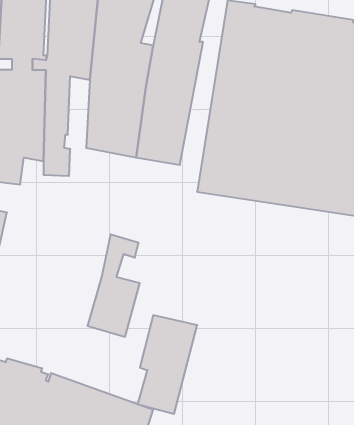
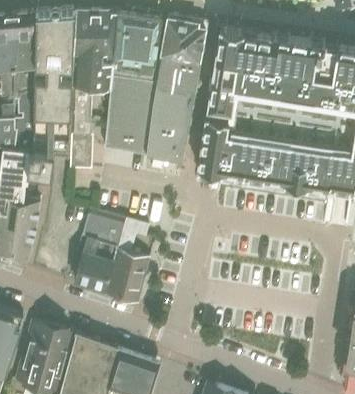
building: [137,315,197,414] -> [75,210,124,291]

